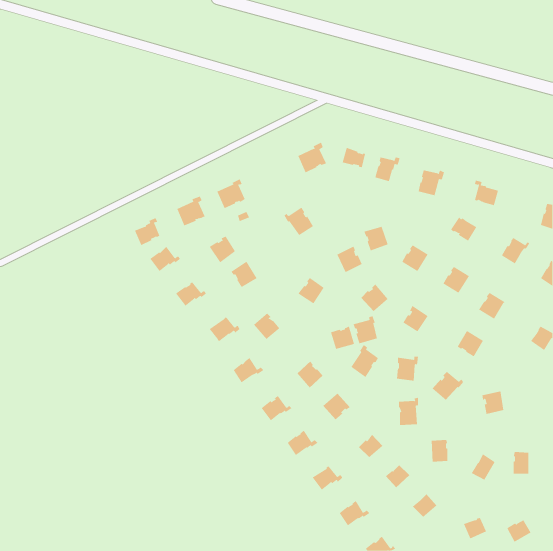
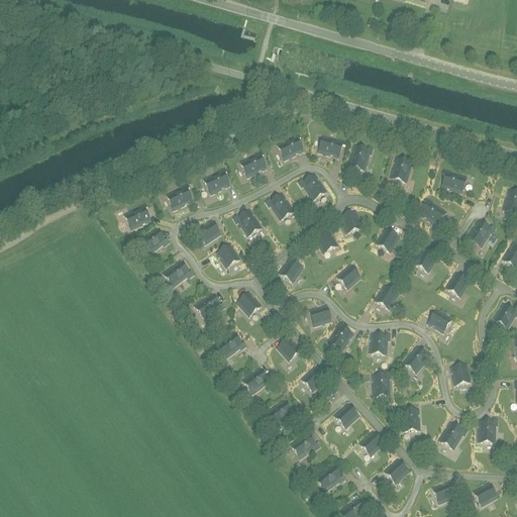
building: none -> [239,149,268,179]
building: none -> [297,174,326,201]
building: none -> [232,209,262,237]
building: [353,316,378,344] -> none

